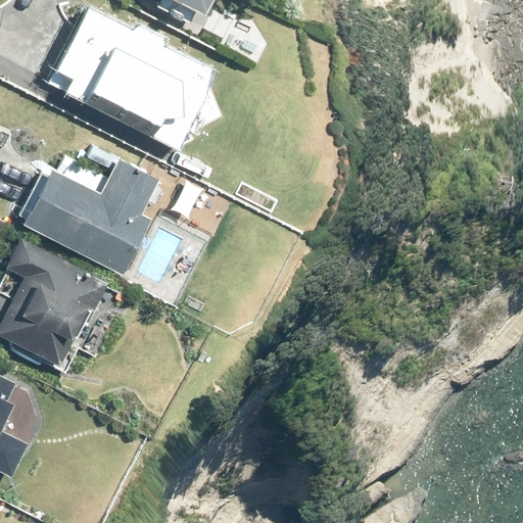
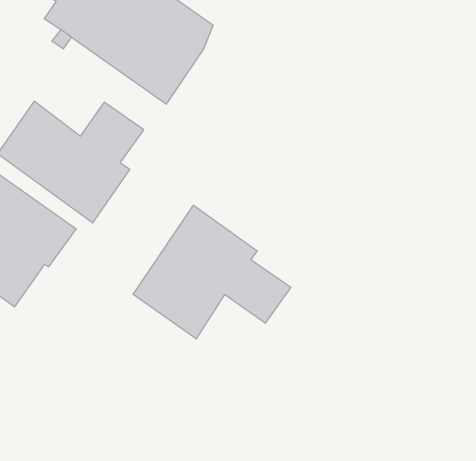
building: none -> [133,205,291,339]

